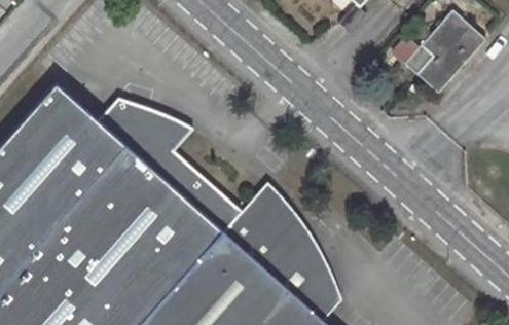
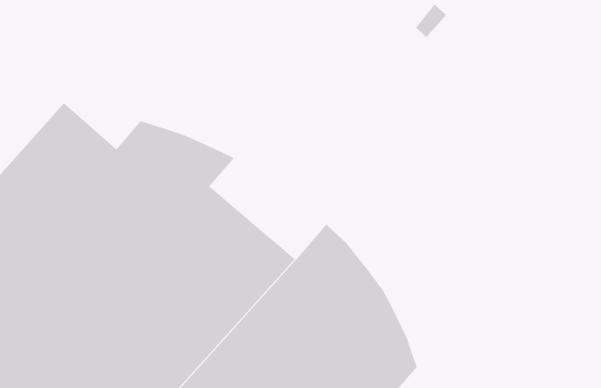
building: [402,9,484,93] -> none

